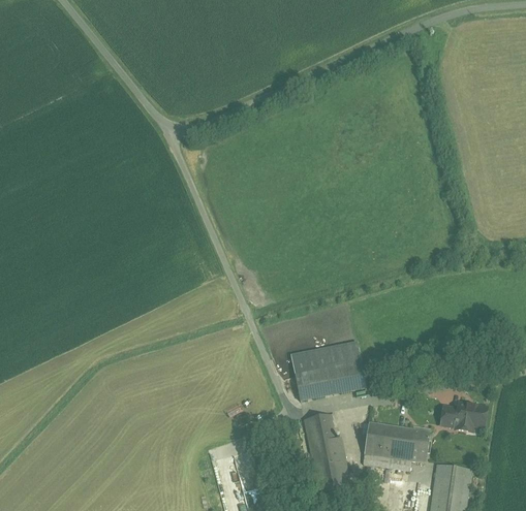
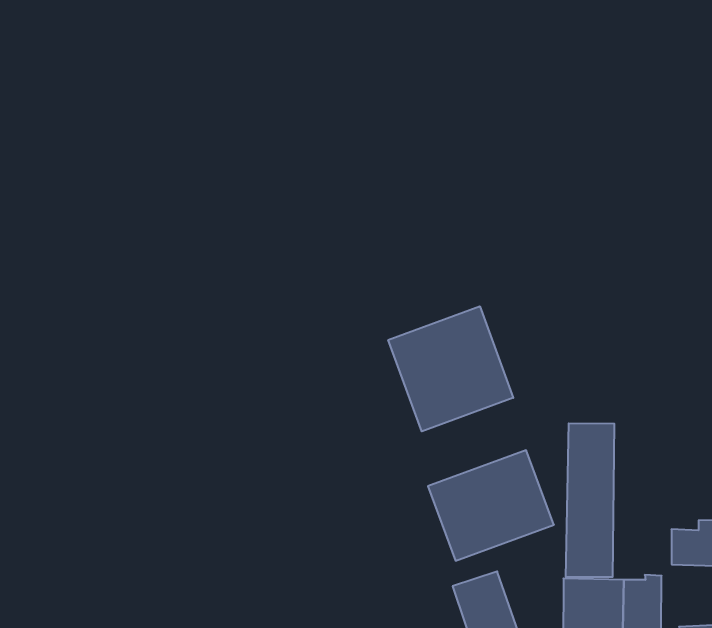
building: none -> [388,306,513,431]
building: none -> [566,423,614,577]

